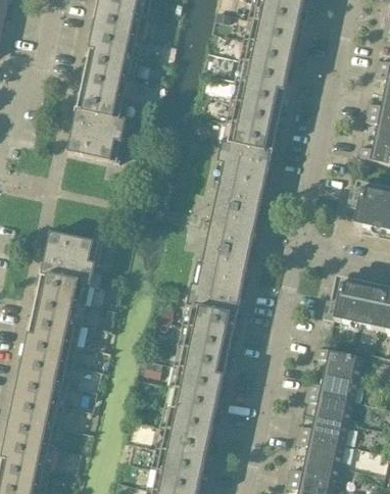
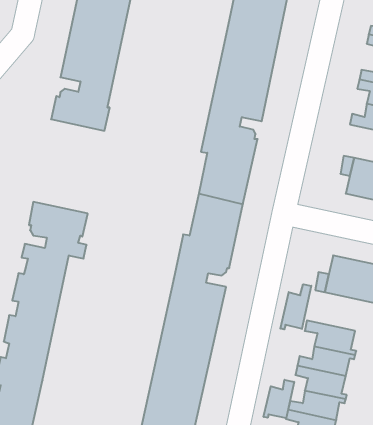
building: none -> [280,284,311,329]
building: none -> [264,380,294,418]

